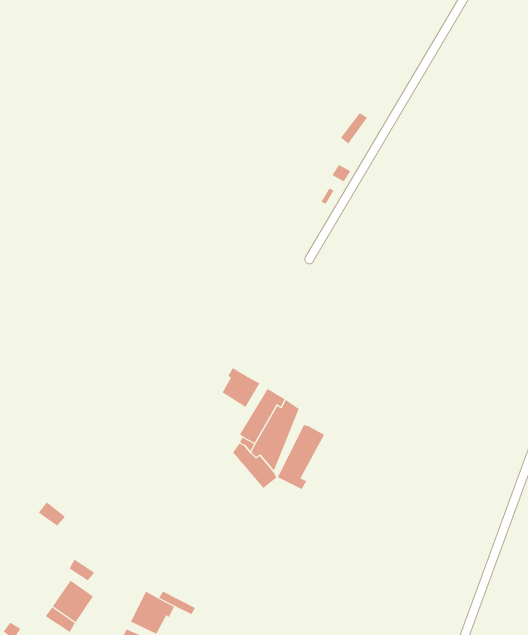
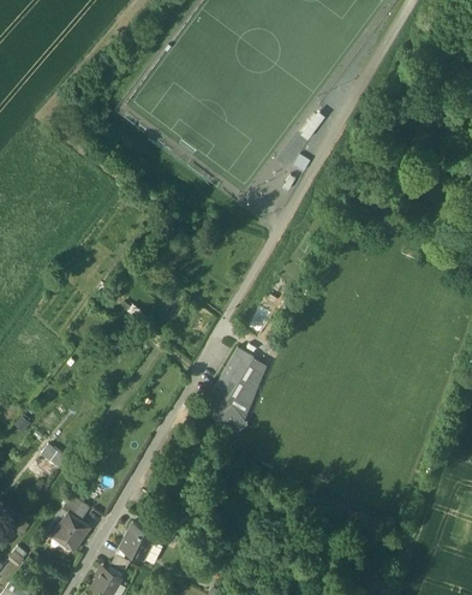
building: [222,367,260,408] -> none
building: [277,424,325,490] -> none

